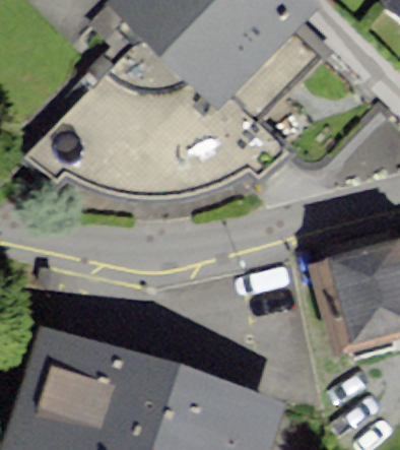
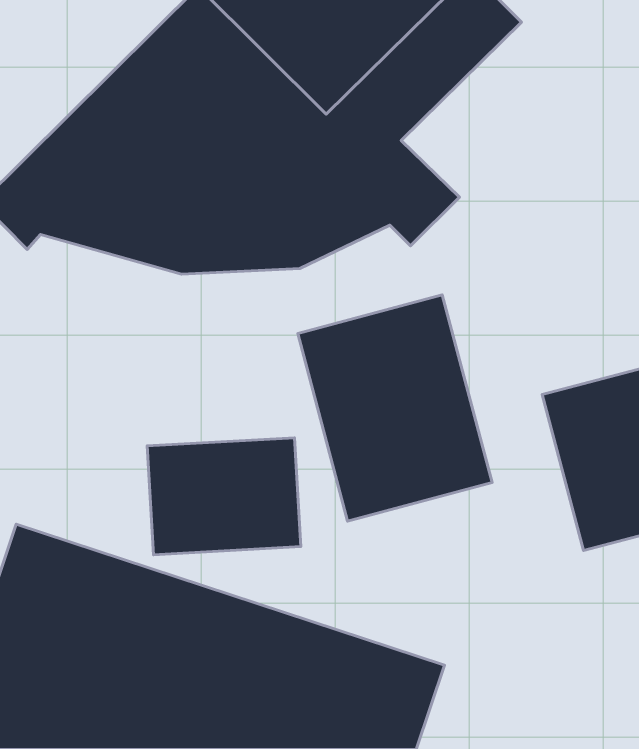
building: none -> [298,295,492,521]
building: none -> [147,438,301,555]

